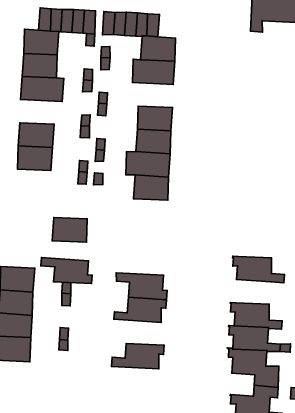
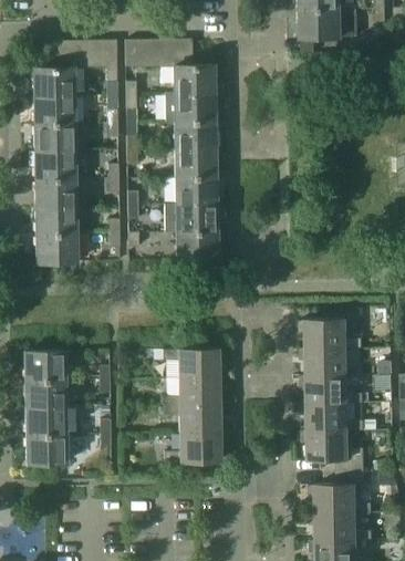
building: none -> [174,122,215,150]
building: none -> [33,152,75,180]
building: [52,218,87,242] -> [35,235,76,263]
building: [41,258,92,283] -> [163,406,225,434]
building: none -> [299,349,362,376]

